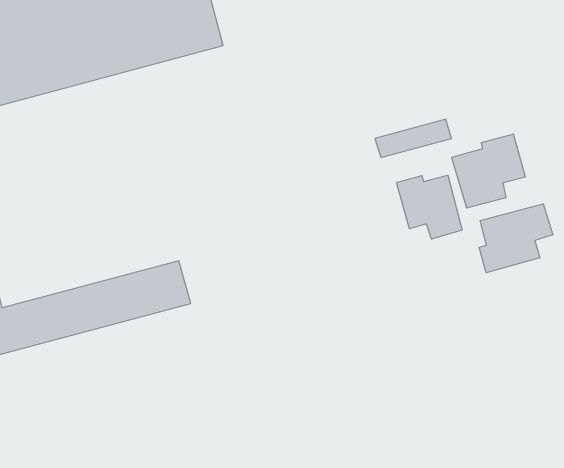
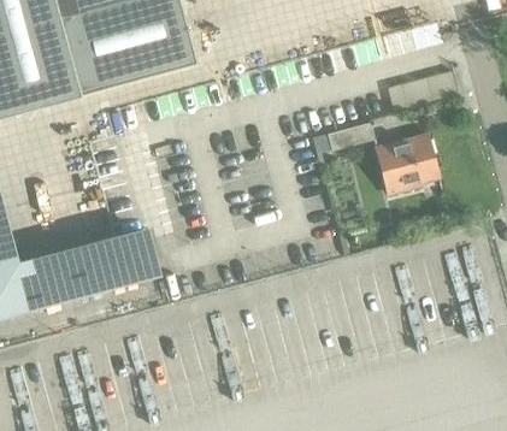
building: [397,175,462,239] -> none
building: [479,204,553,273] -> none

